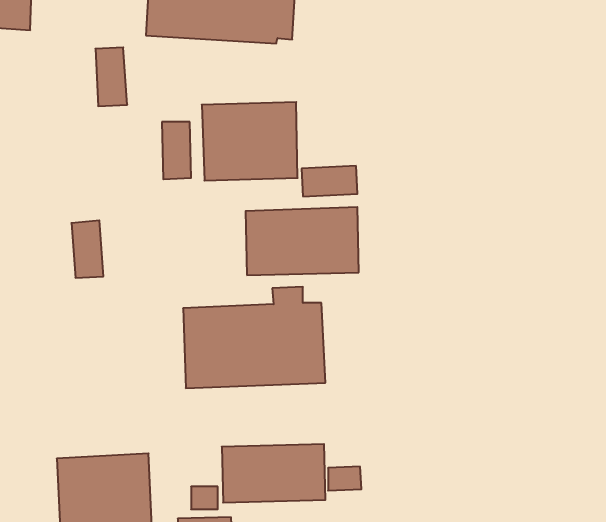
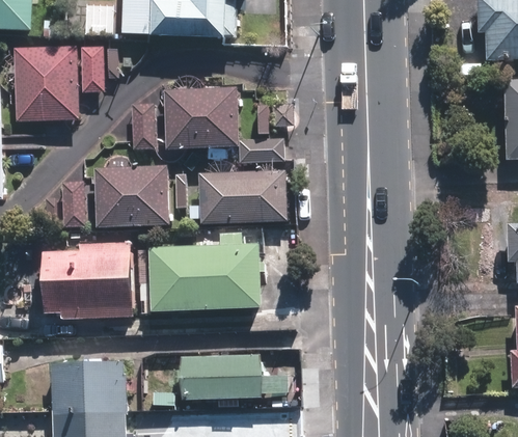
building: none -> [13,45,79,120]
building: none -> [96,165,168,225]
building: none -> [39,243,134,320]

